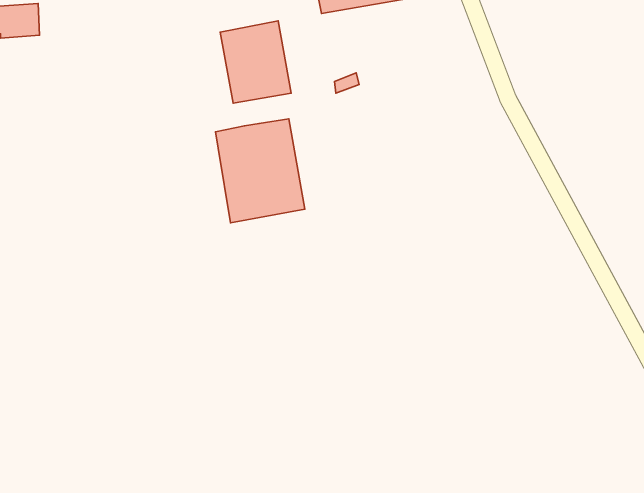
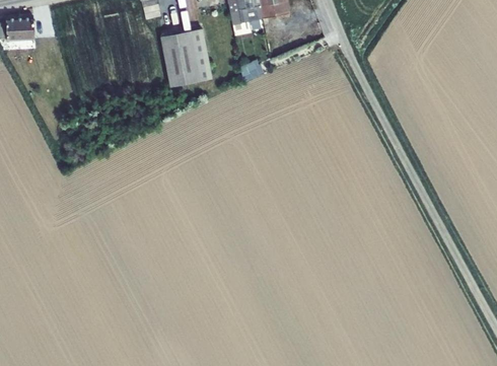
building: [216,119,305,223] -> none

